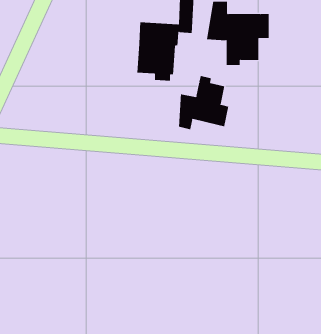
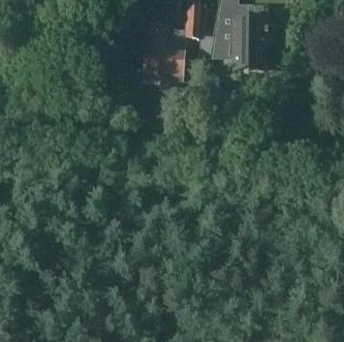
building: [179,75,229,130] -> none

